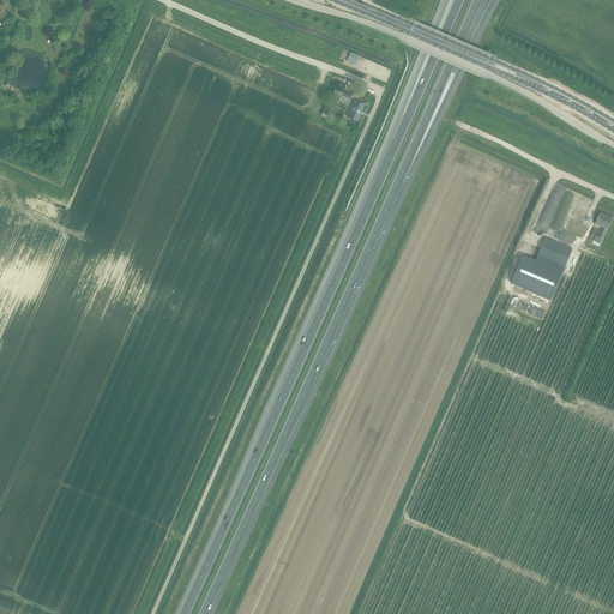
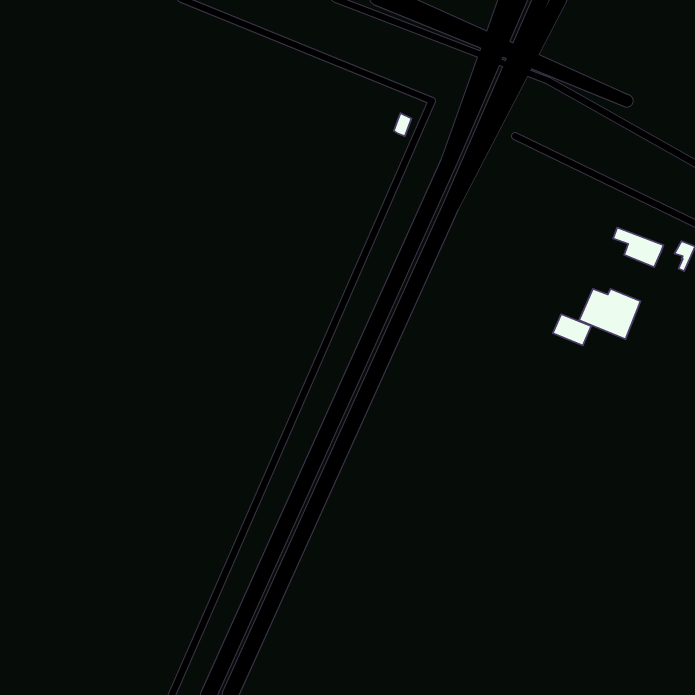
building: [537,237,571,265] -> [553,314,591,345]

